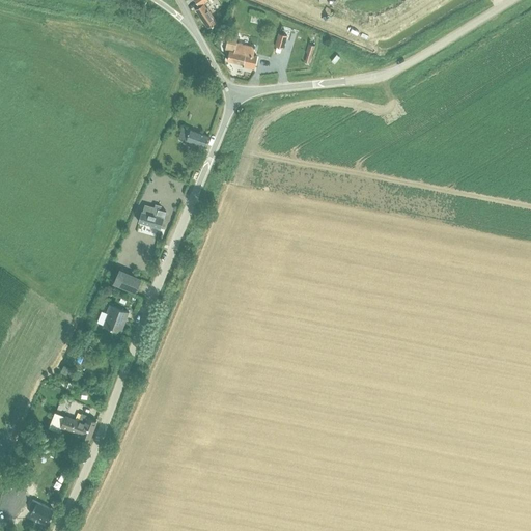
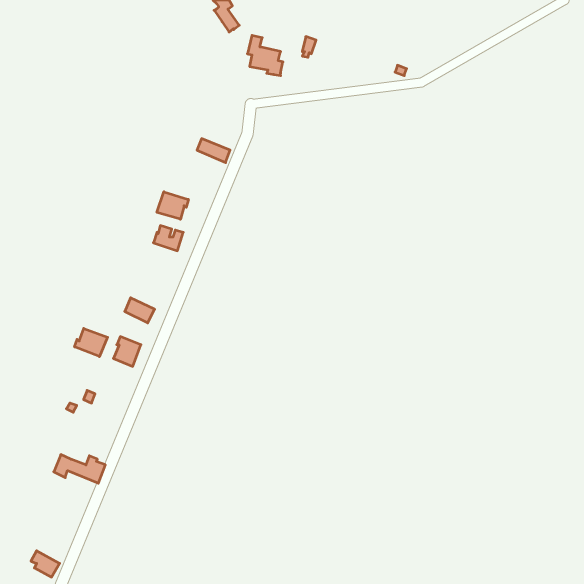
building: none -> [157,192,188,219]
building: none -> [75,328,108,357]

